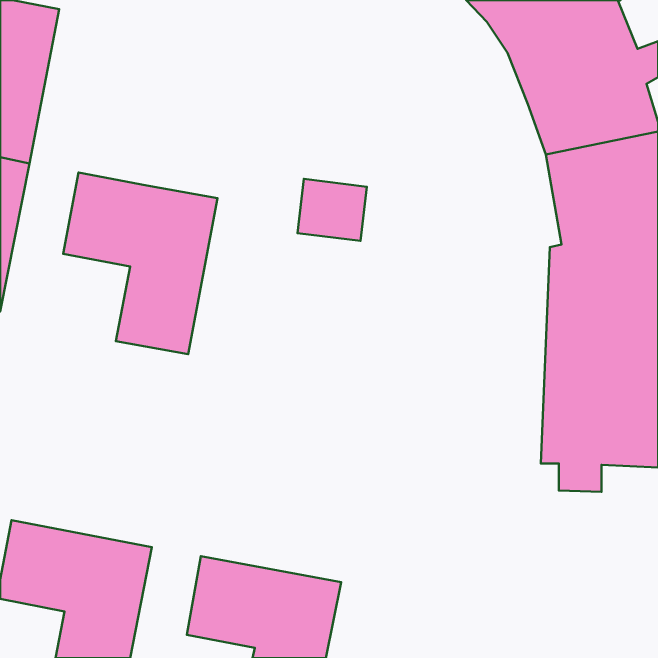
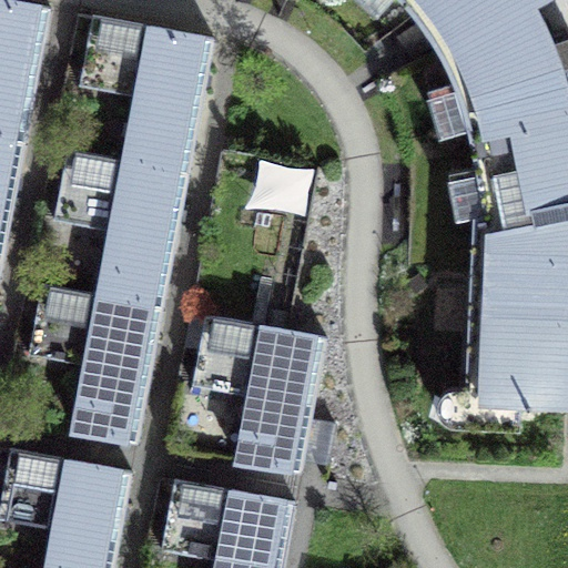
building: none -> [80,14,213,171]
building: none -> [29,283,162,442]
building: none -> [194,315,325,471]

